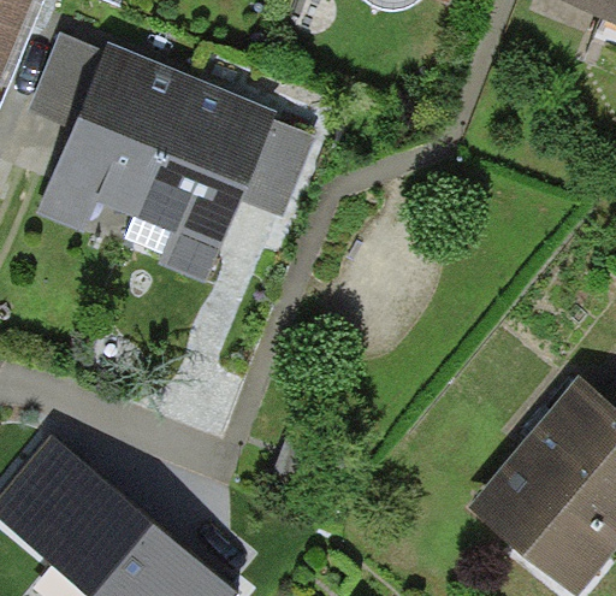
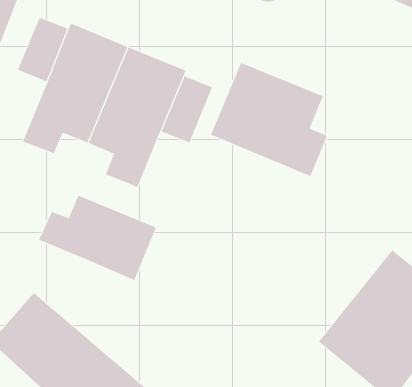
building: none -> [210,62,328,177]
building: none -> [38,195,157,281]

